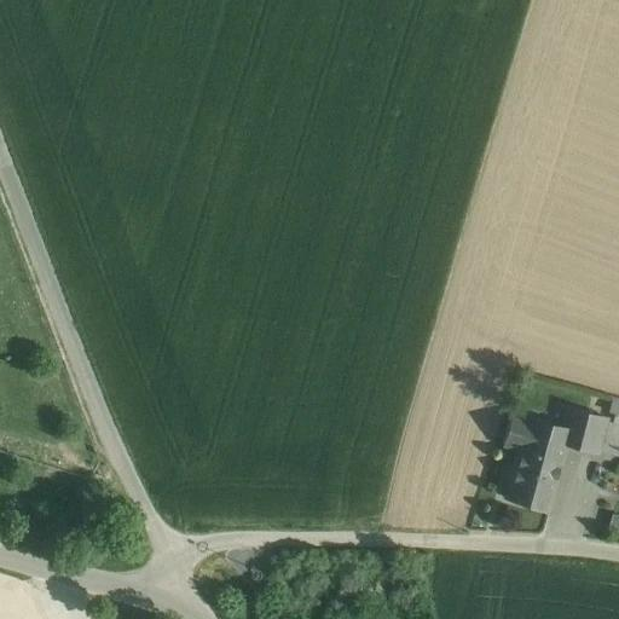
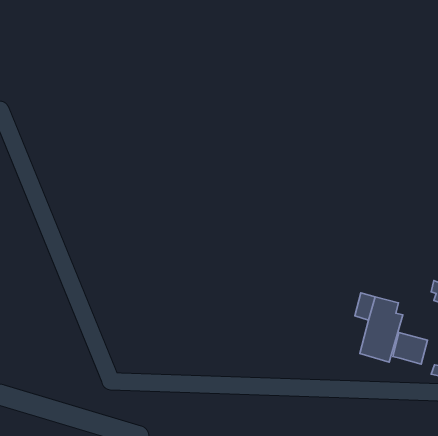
building: [559,411,607,456] -> [393,332,427,364]

